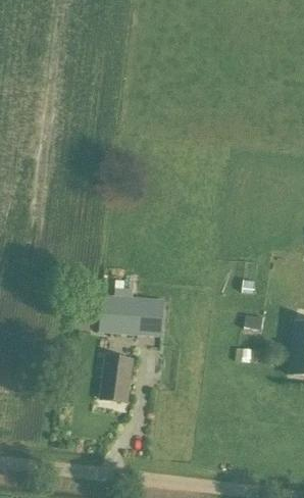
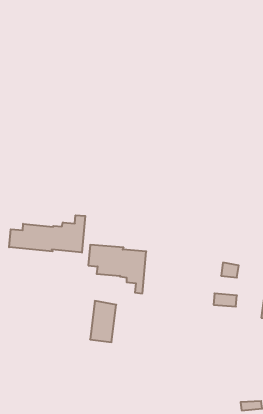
building: none -> [9,215,85,253]

